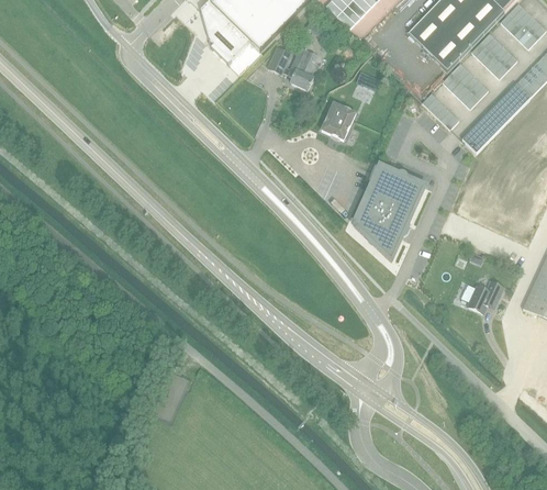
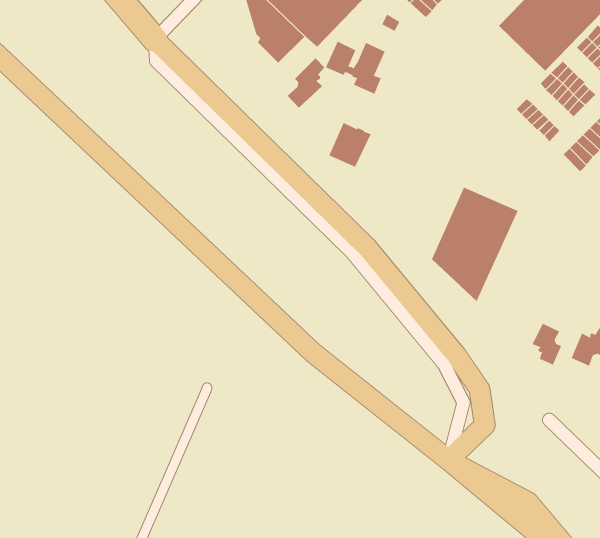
building: none -> [287,58,325,109]
building: [321,101,356,138] -> [329,122,371,168]
building: none -> [532,323,562,366]

